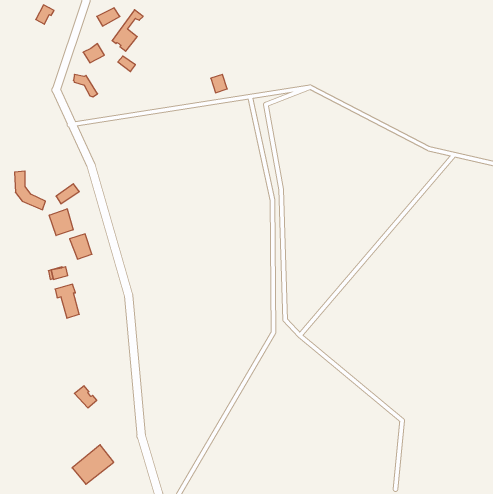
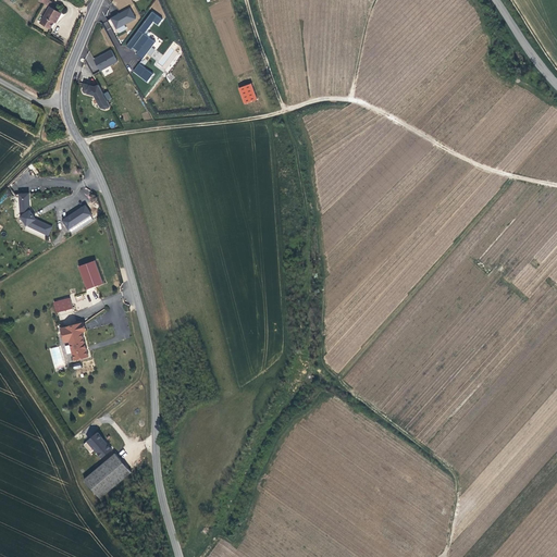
building: [49,209,73,236] -> none
building: [72,445,114,484] -> [81,454,127,498]

